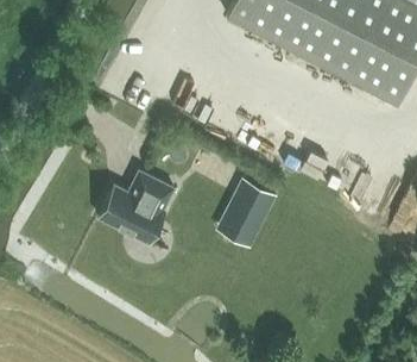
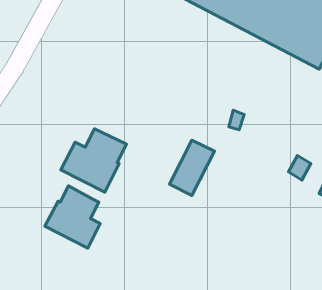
building: none -> [45,186,100,248]

